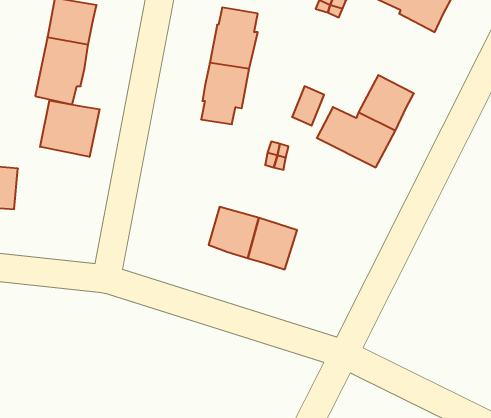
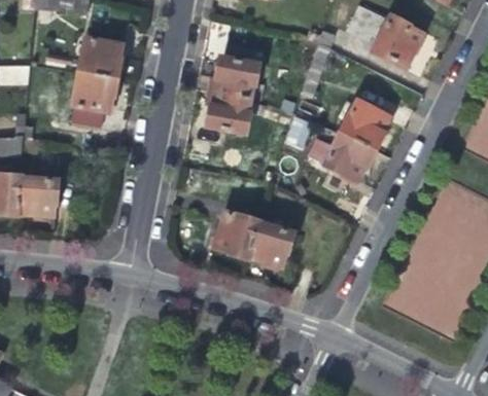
building: [40,101,100,157] -> none

